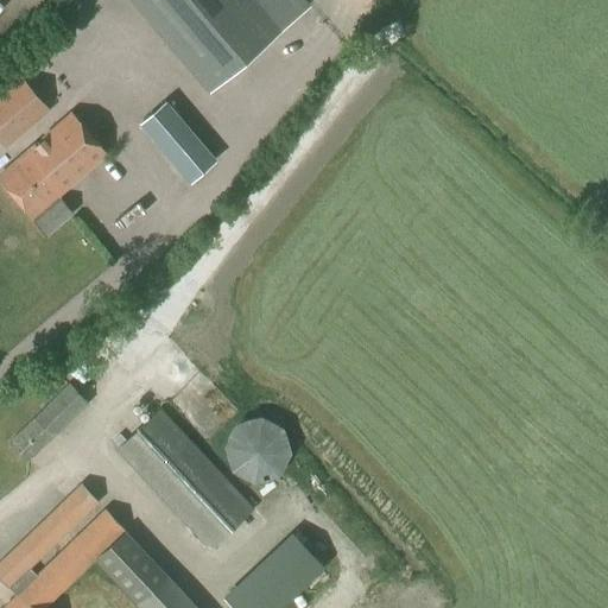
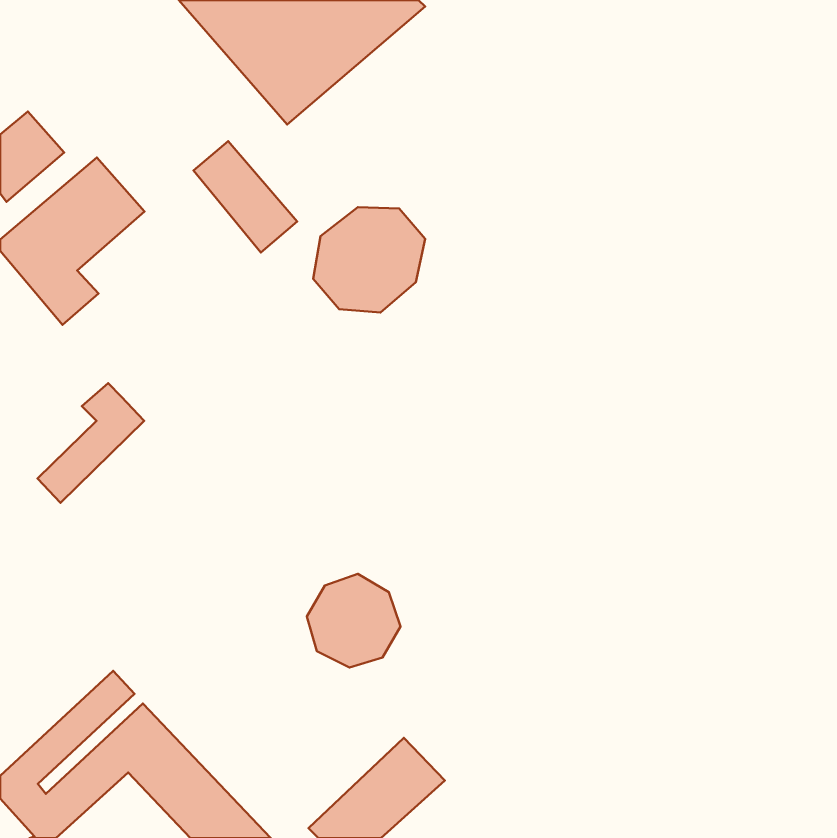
building: none -> [313,207,425,312]
building: [10,375,87,462] -> [37,383,144,503]
building: [116,408,253,549] -> none

